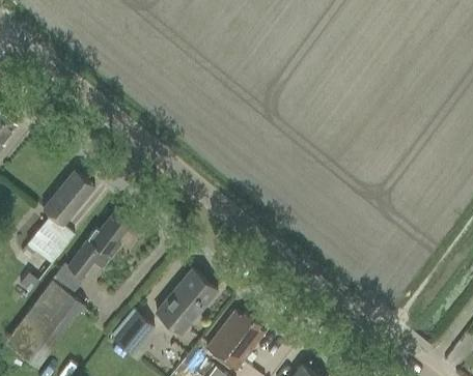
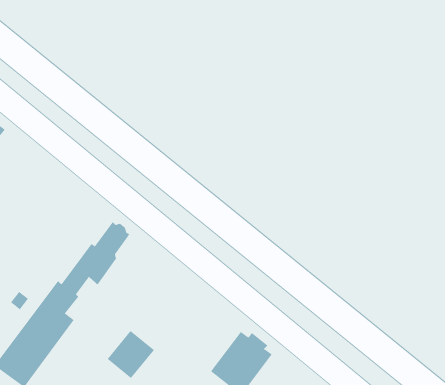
building: [27,171,94,264] -> none
building: [156,269,217,335] -> none

